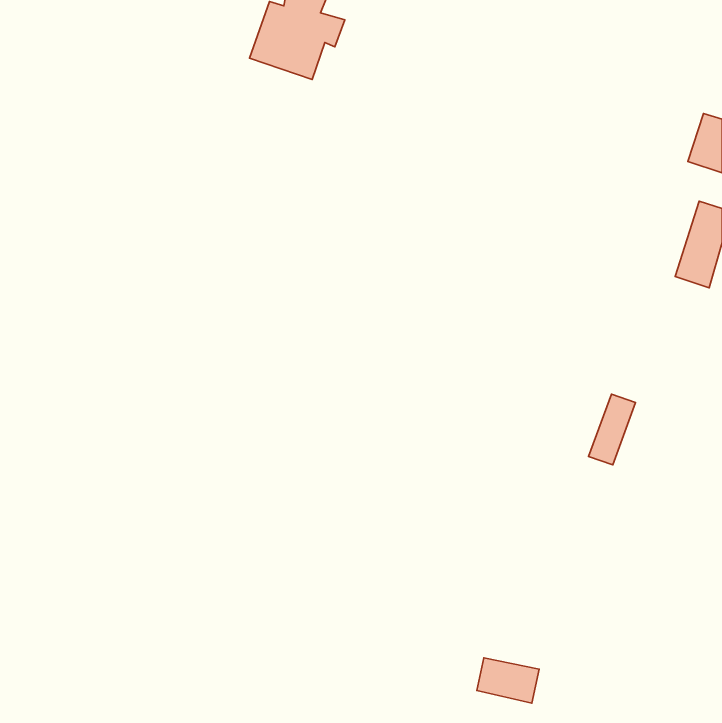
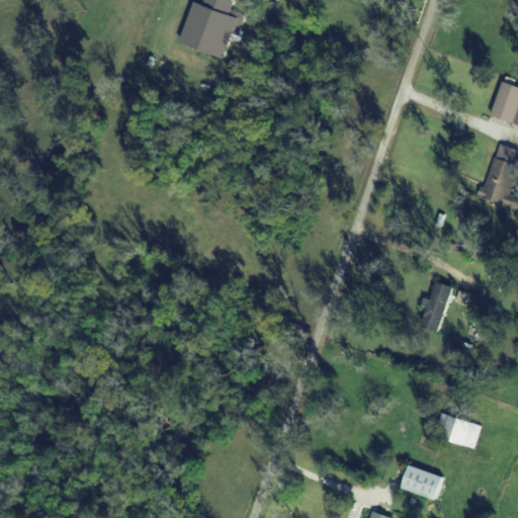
building: none -> [438,414,483,448]
building: [477,658,539,703] -> [401,466,445,499]

